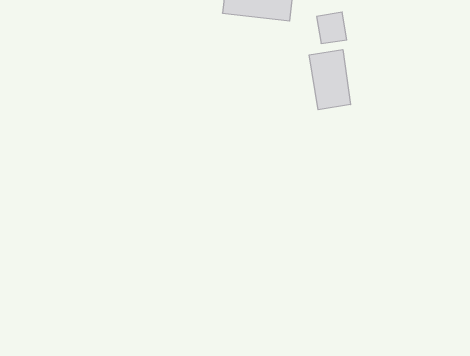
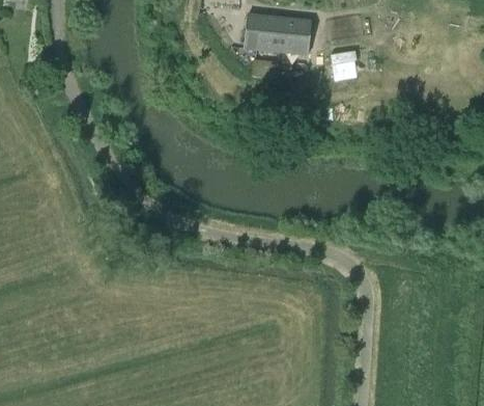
building: [309,50,351,110] -> none

